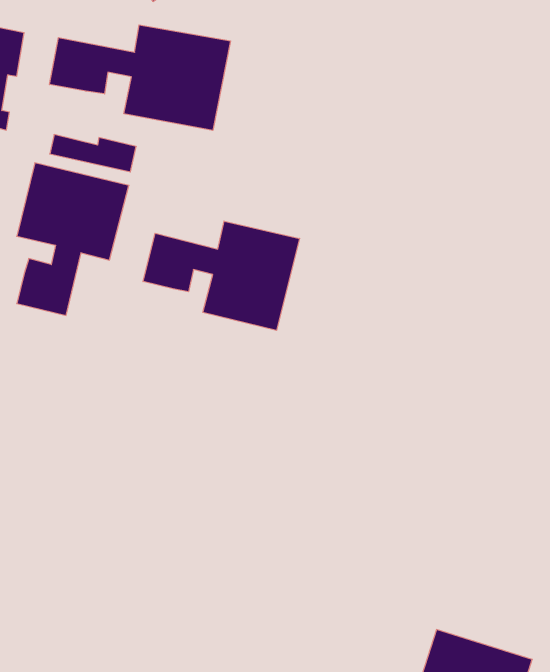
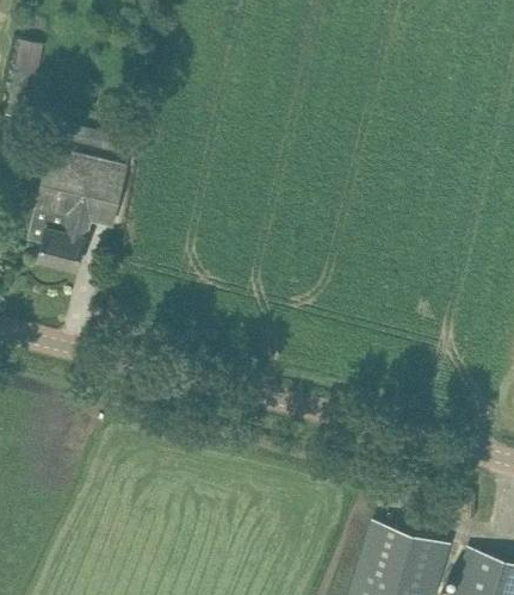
building: [50,25,230,130] -> none
building: [143,221,300,330] -> none

